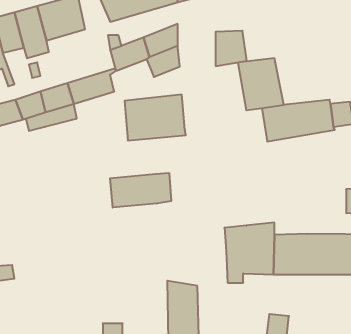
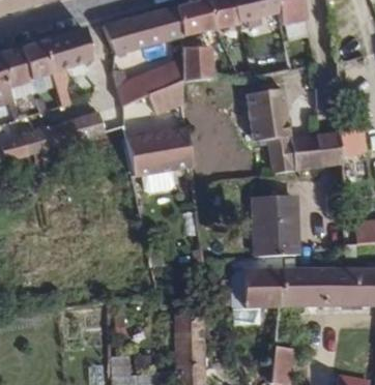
building: [216,31,247,66] -> [185,46,217,81]
building: none -> [252,199,298,258]
building: [110,173,171,208] -> none

